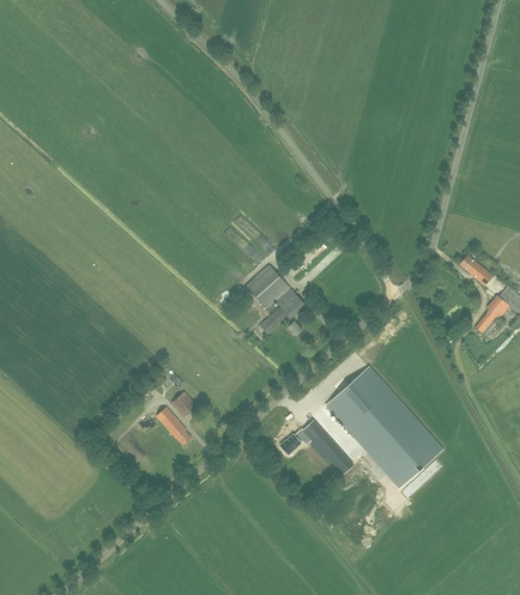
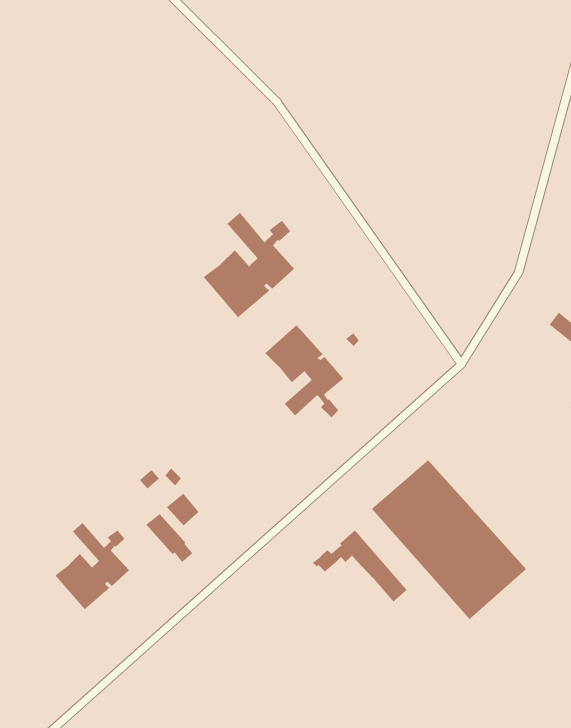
building: none -> [203,212,295,318]
building: none -> [54,522,130,610]

